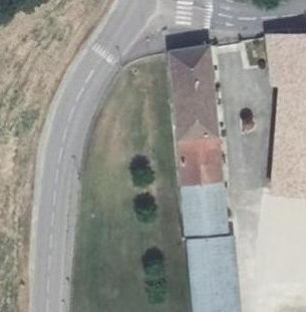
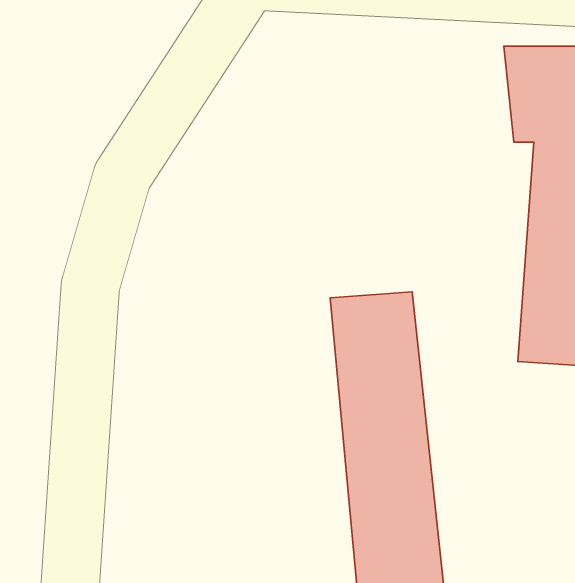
building: [170,45,221,162] -> none

